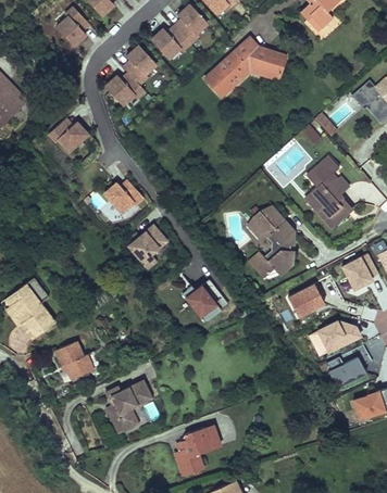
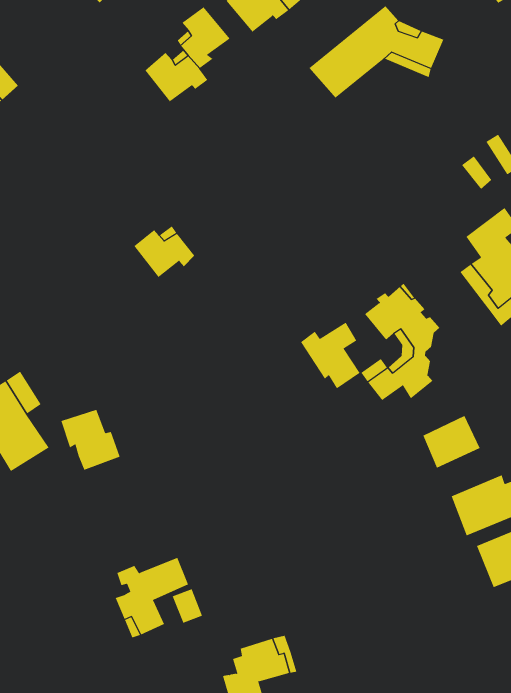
building: [48,121,86,150] -> none
building: [128,230,166,271] -> none
building: [182,279,220,320] -> [300,322,361,389]
building: [55,341,93,379] -> [60,409,120,471]

